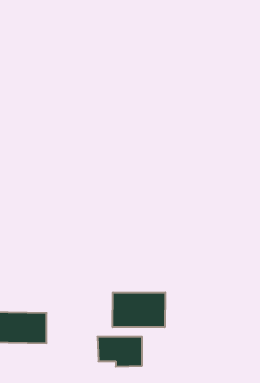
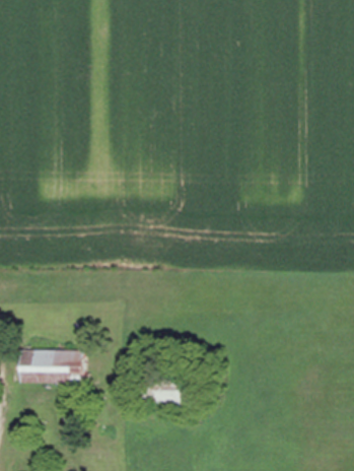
building: [113,292,165,327] -> none

